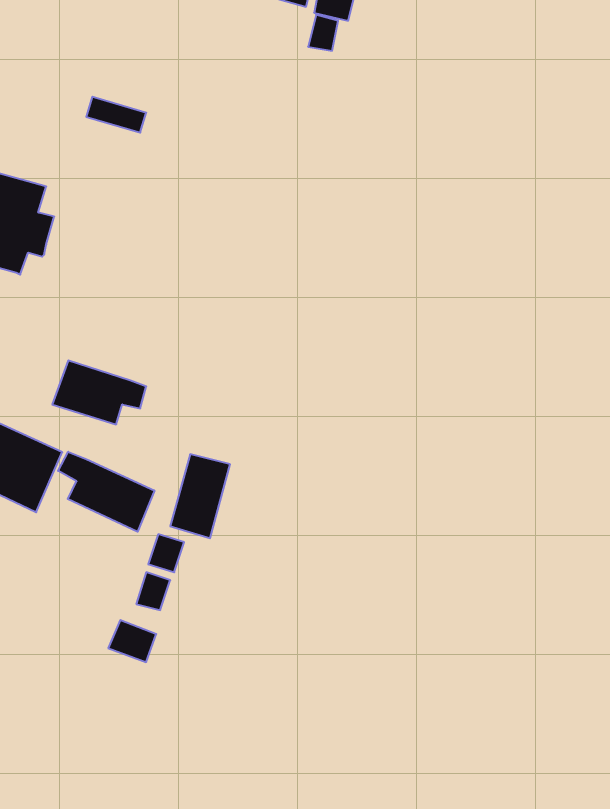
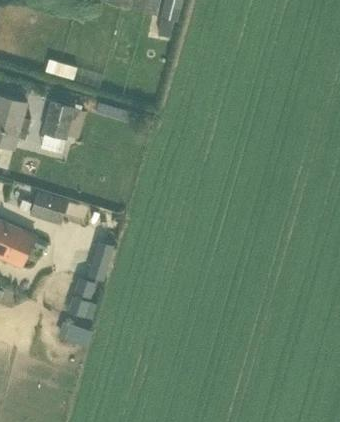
building: none -> [42,102,85,139]
building: [58,452,154,532] -> none

